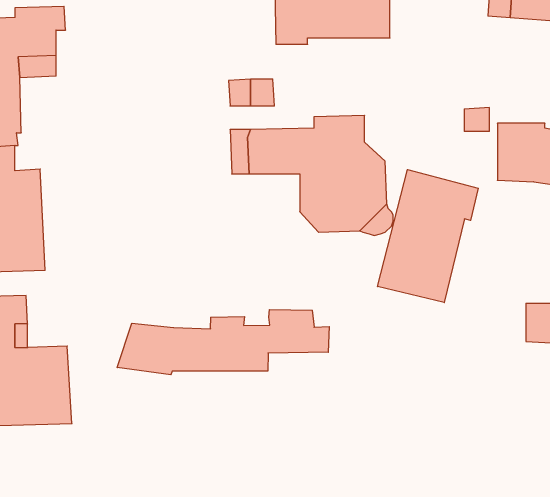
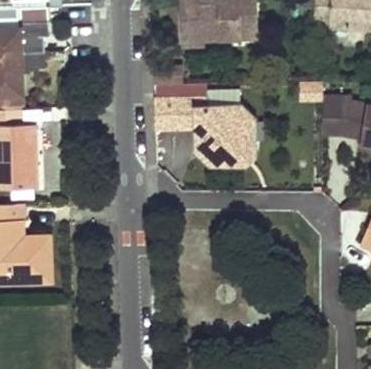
building: [378,170,478,303] -> none
building: [117,310,329,375] -> none

